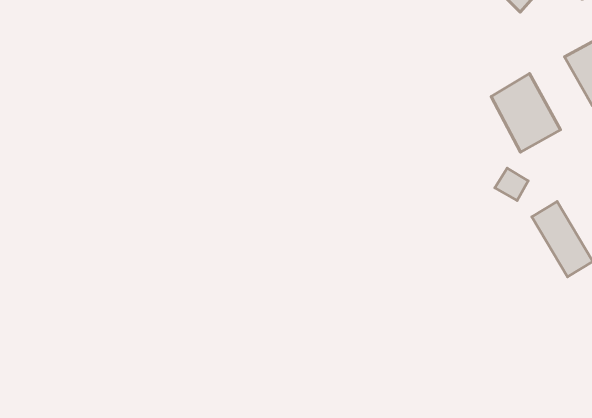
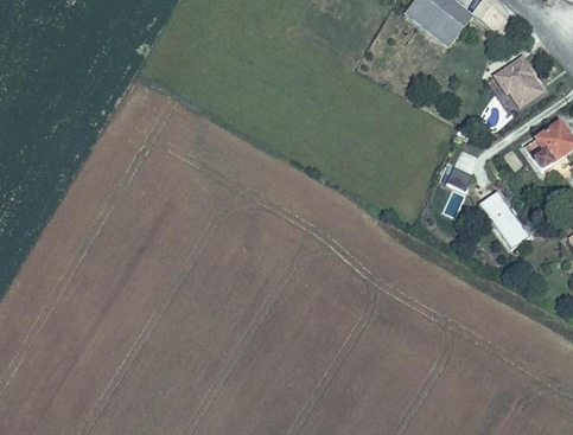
building: [491,73,561,152] -> none

